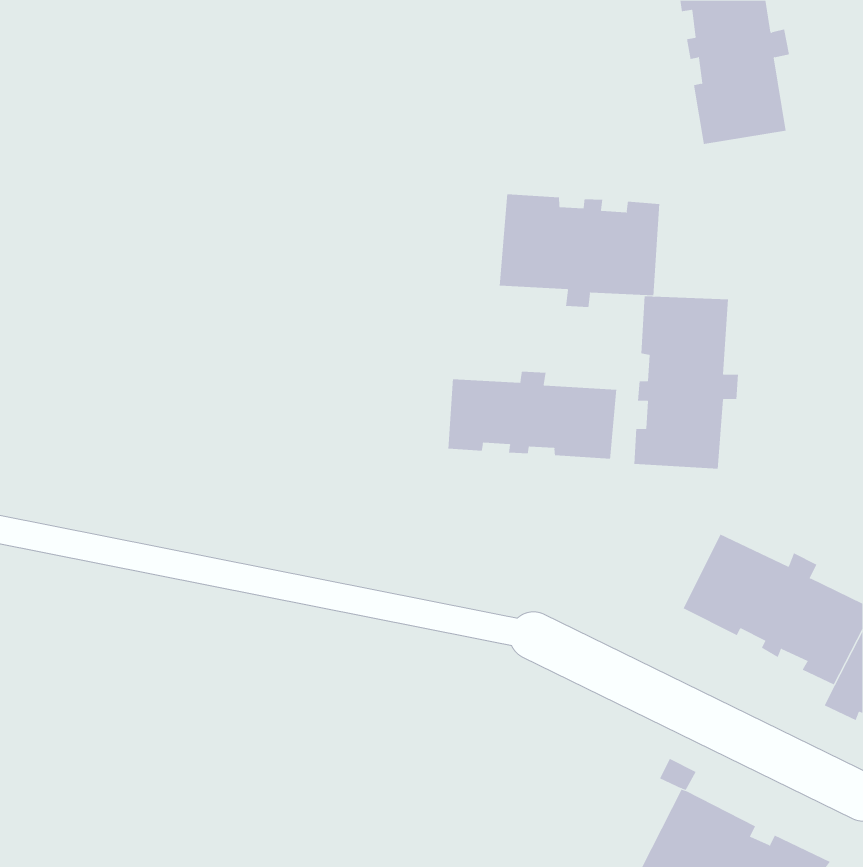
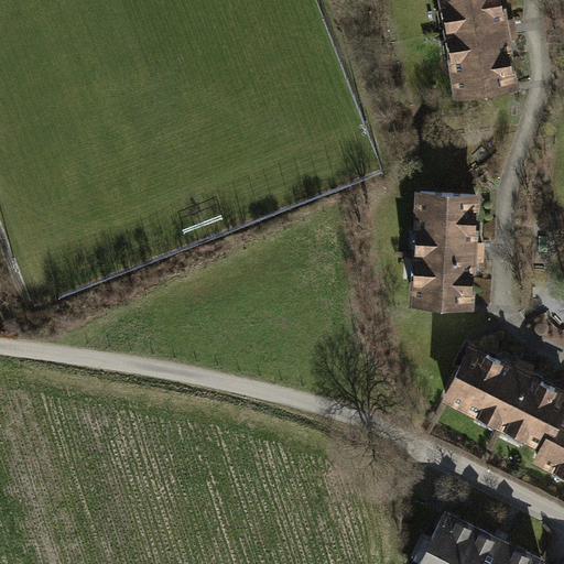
building: [499,193,660,308] -> none
building: [448,371,617,459] -> none

